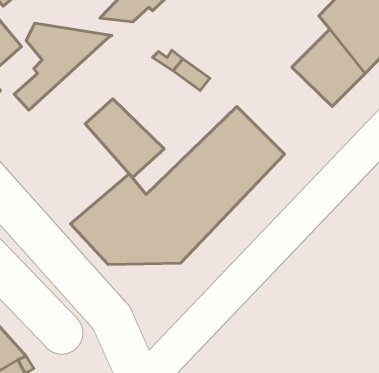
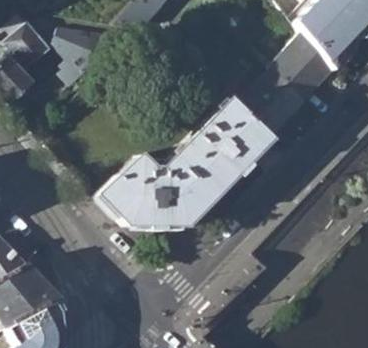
building: none -> [238,63,308,134]
building: [85,99,164,178] -> none

